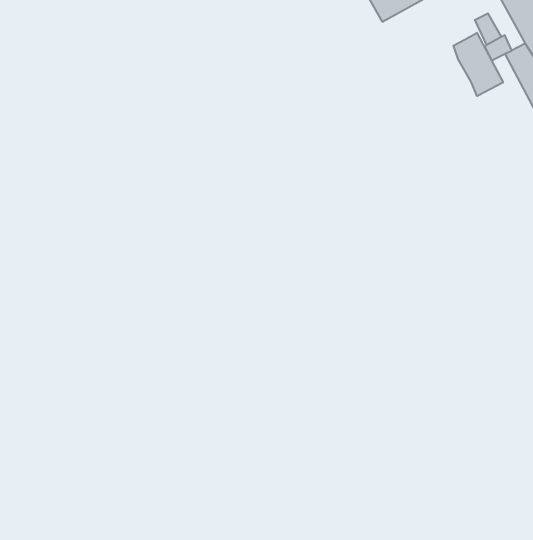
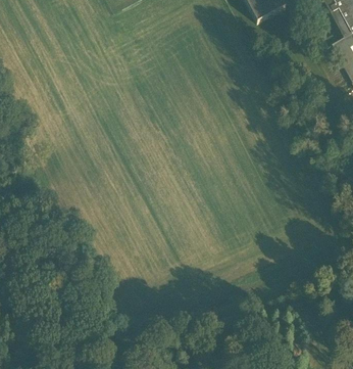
building: [453,33,503,96] -> none

